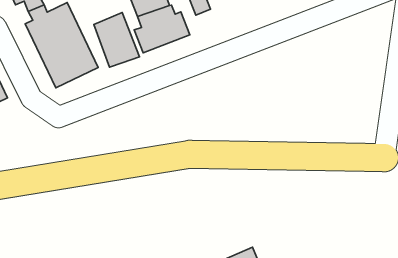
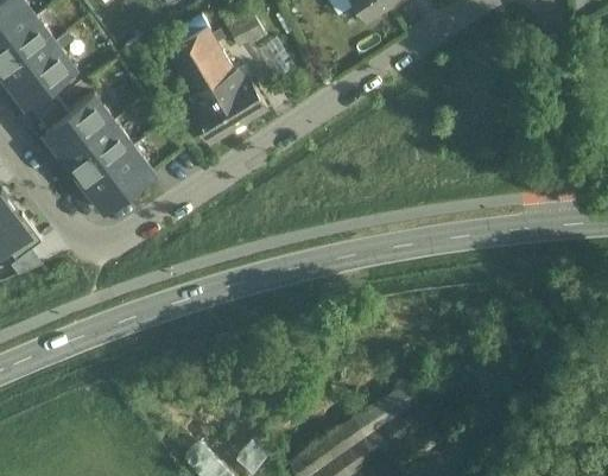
building: [94,13,139,67] -> none

